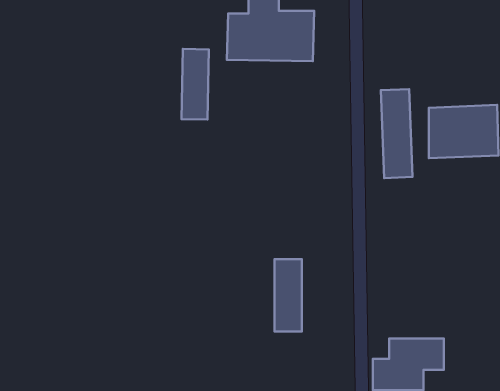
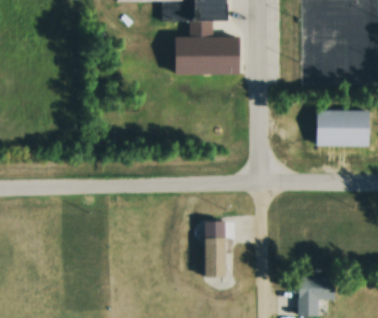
building: [182,49,209,120] -> none
building: [381,89,413,178] -> none

